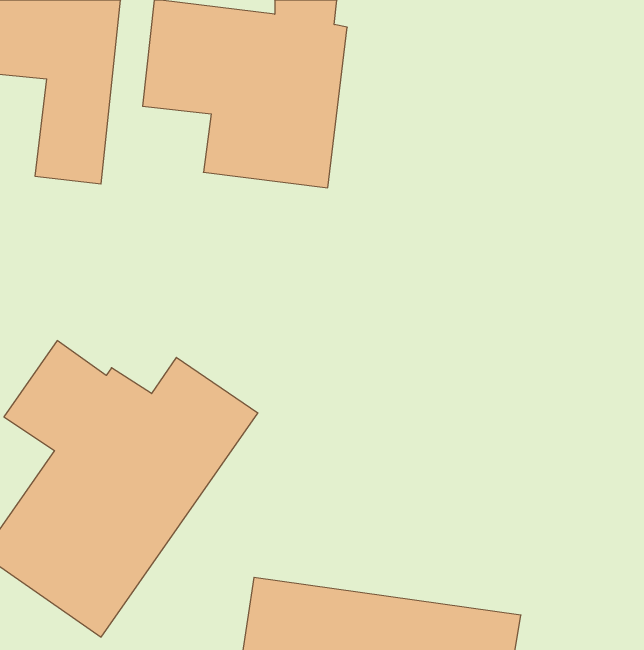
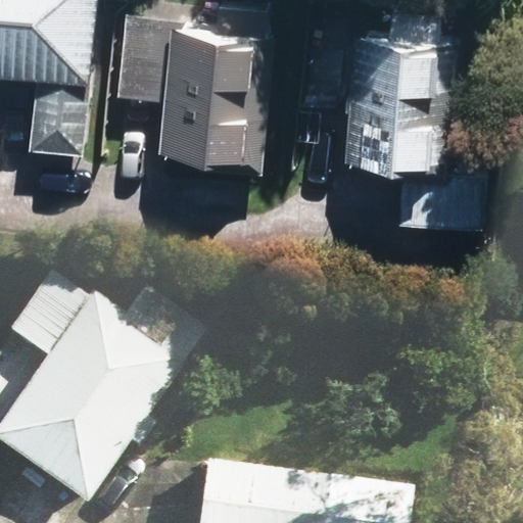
building: none -> [345,29,480,231]

